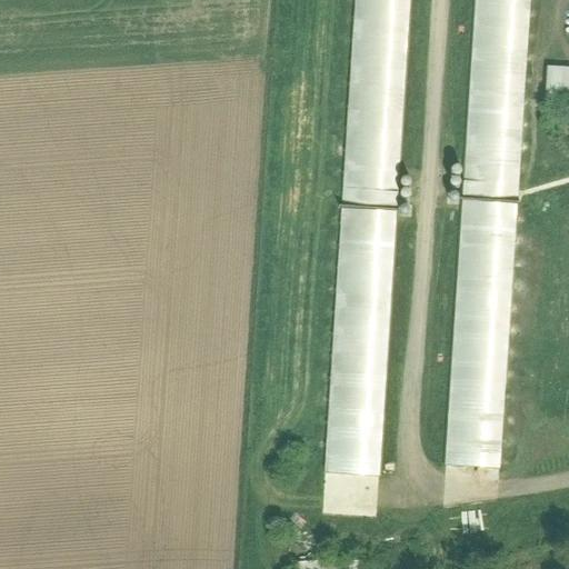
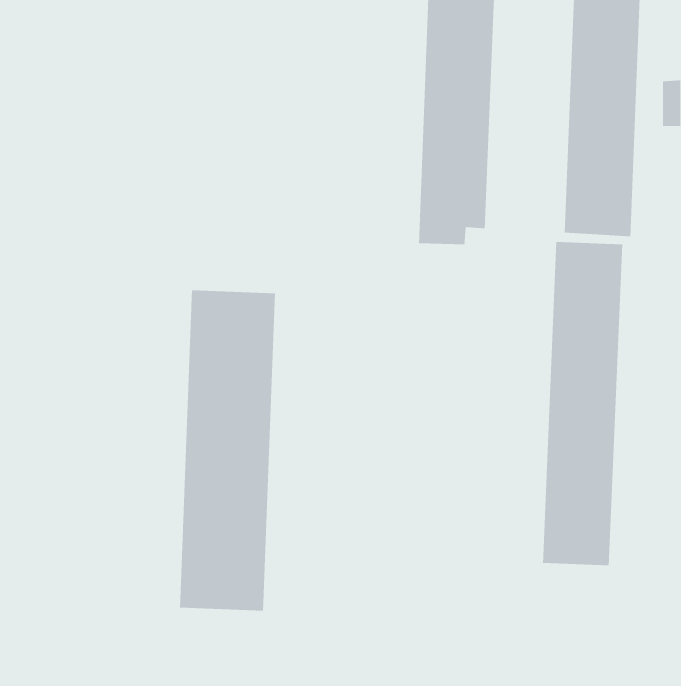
building: [327,207,392,473] -> none
building: none -> [179,290,276,611]

